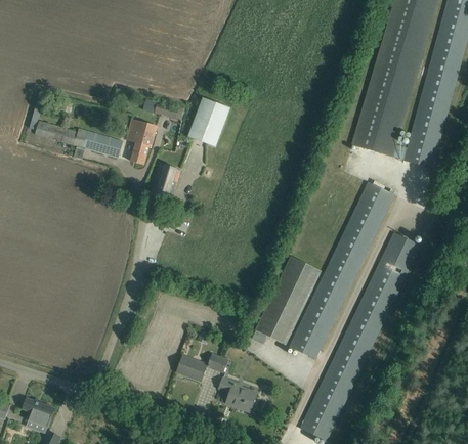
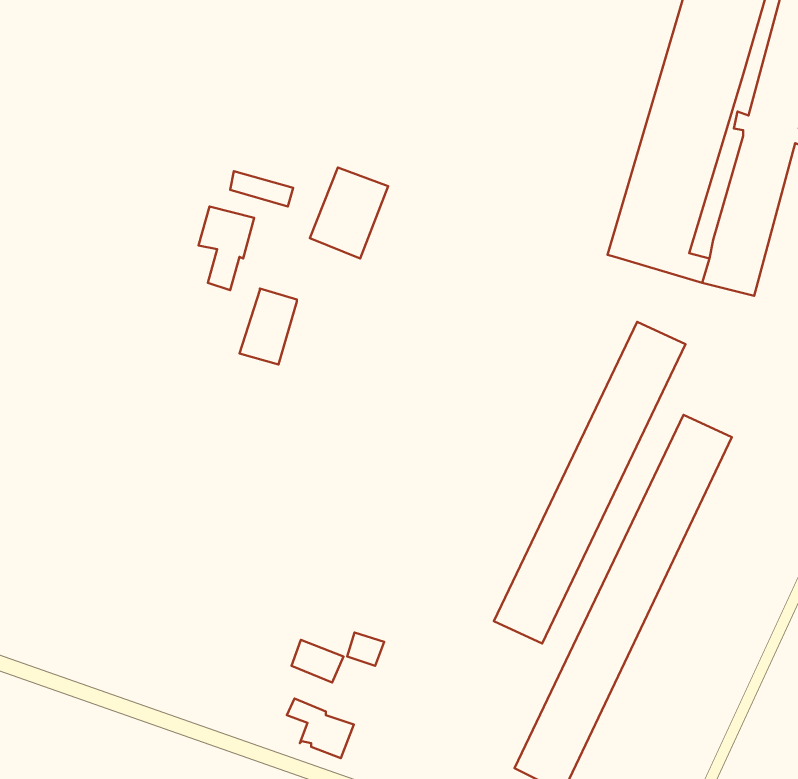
building: [35,120,122,159] -> none
building: [254,256,322,345] -> none
building: [219,379,256,411] -> [287,699,354,758]
building: [23,398,54,428] -> none

